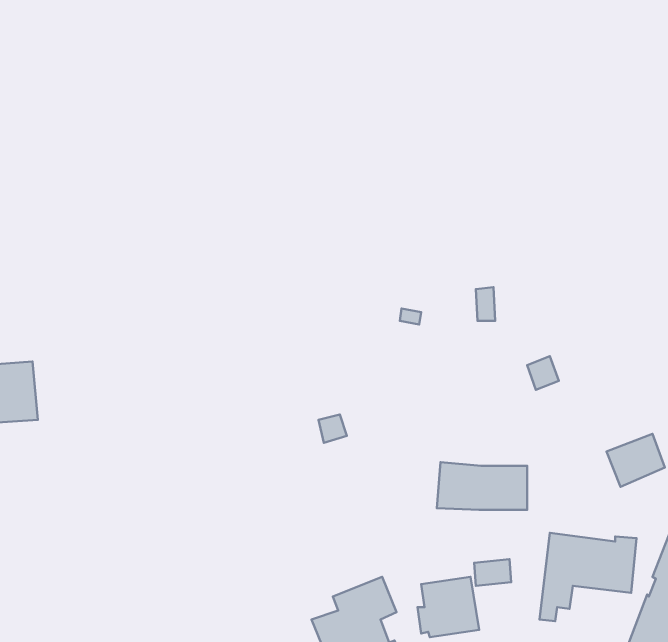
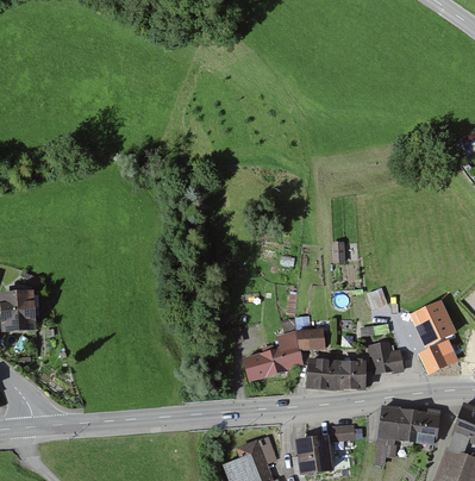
building: none -> [410,296,455,346]
building: none -> [240,320,325,381]
building: none -> [367,339,404,374]

